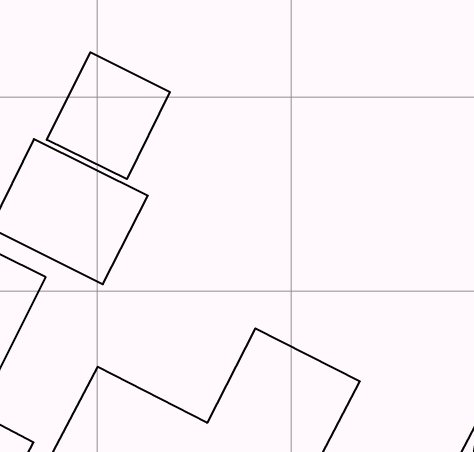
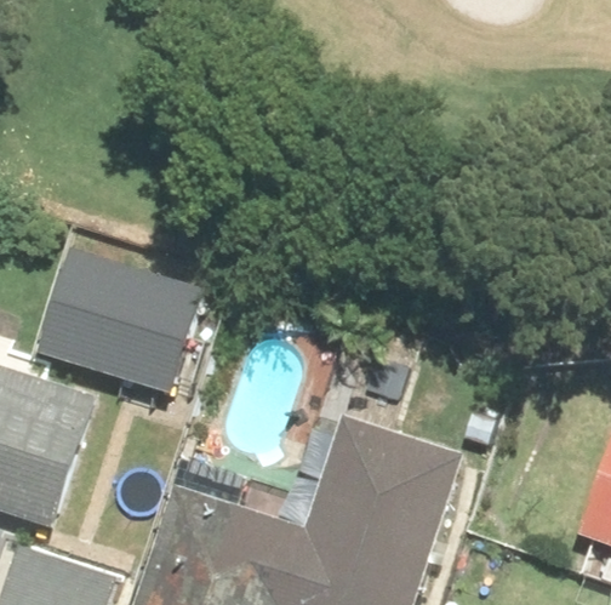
building: [47,52,170,179] -> none

